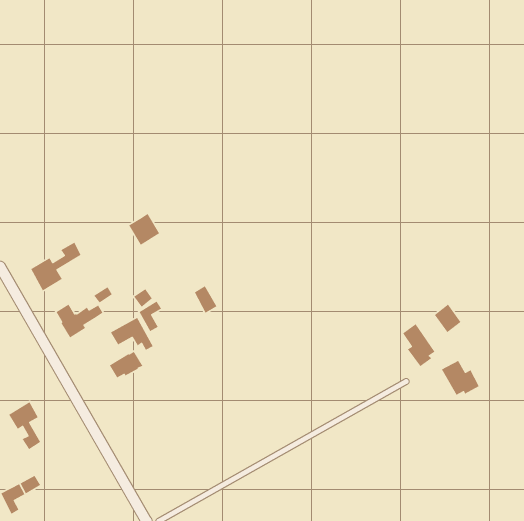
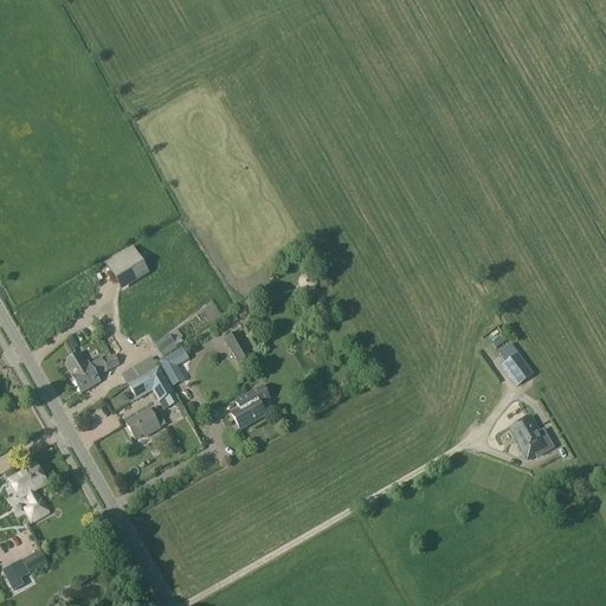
building: [128,213,160,246] -> [105,245,142,283]
building: [30,242,82,292] -> none
building: [402,323,435,367] -> none
building: none -> [231,383,270,427]

